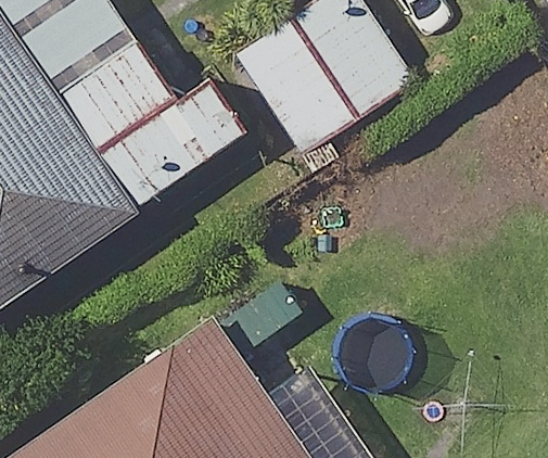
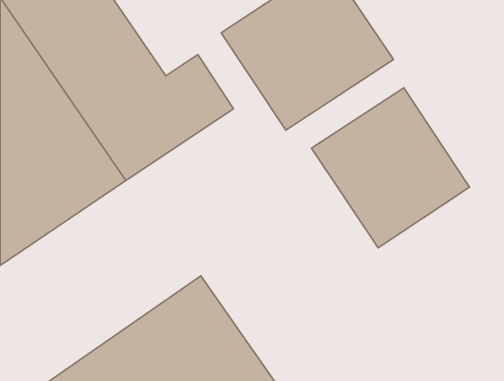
building: none -> [311,88,470,248]

